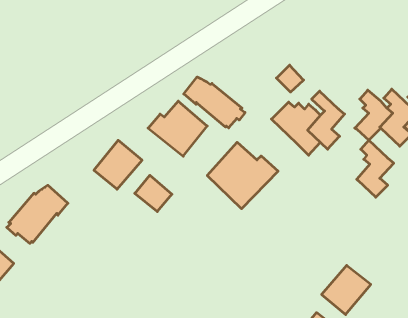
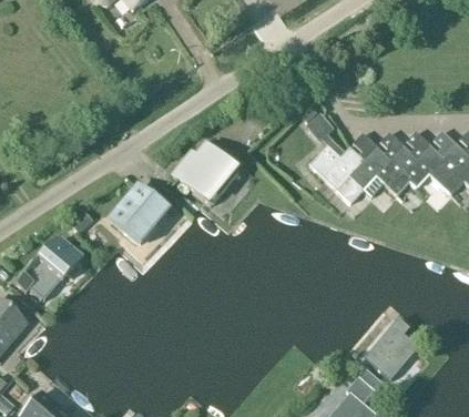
building: [184,77,245,128] -> none
building: [357,140,394,197] -> [376,131,417,194]
building: [207,142,278,209] -> none
building: [135,175,172,212] -> none

